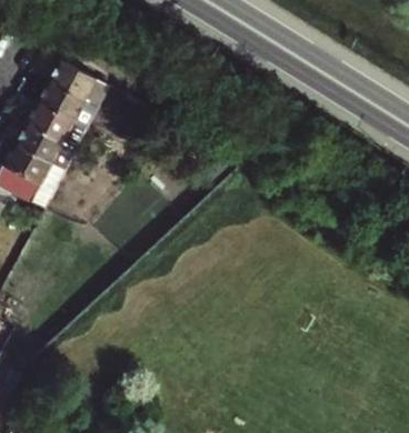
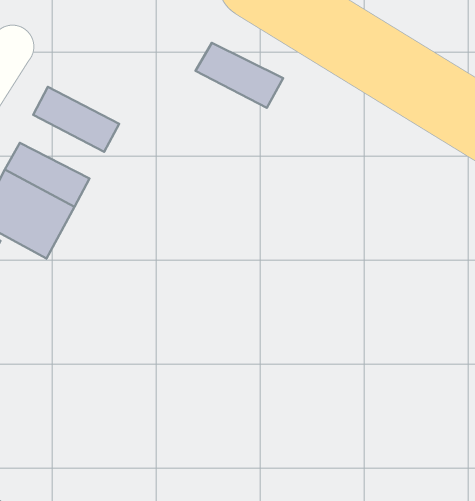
building: [47,57,112,105] -> [196,43,283,108]
building: [26,99,89,147] -> none

